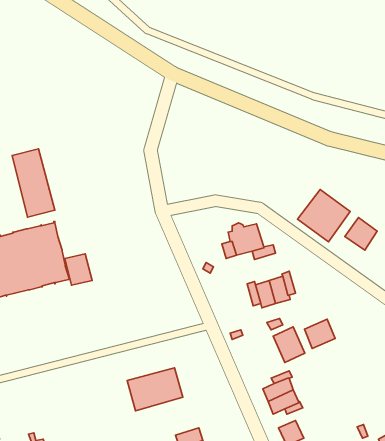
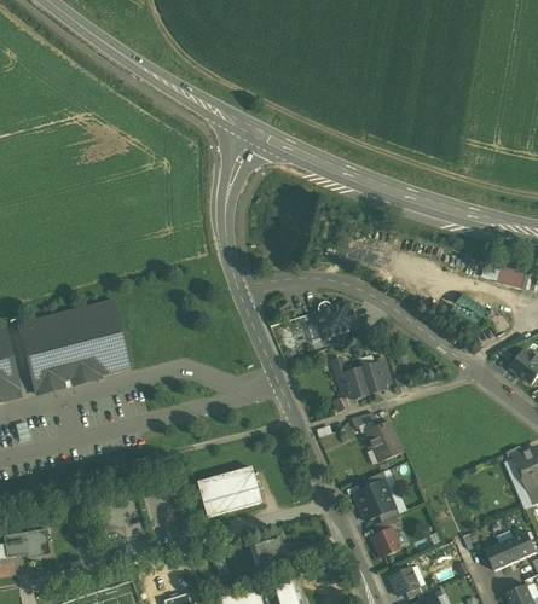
building: [12,149,55,217] -> none
building: [298,189,350,242] -> none
building: [65,254,92,285] -> none
building: [304,319,335,349] -> none

